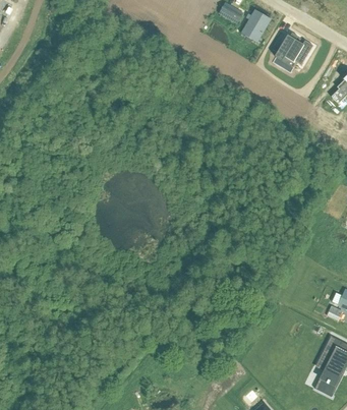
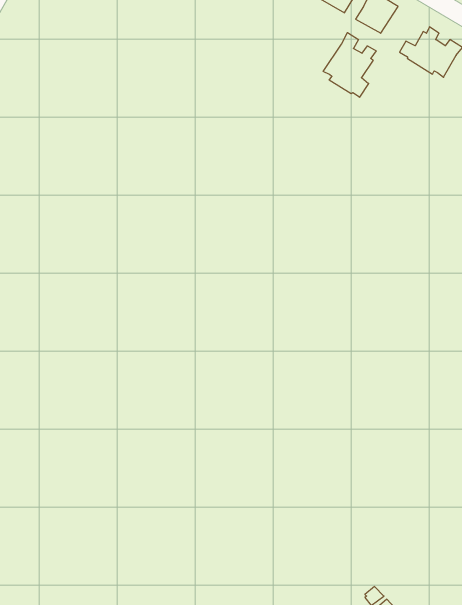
building: none -> [323,33,376,97]

